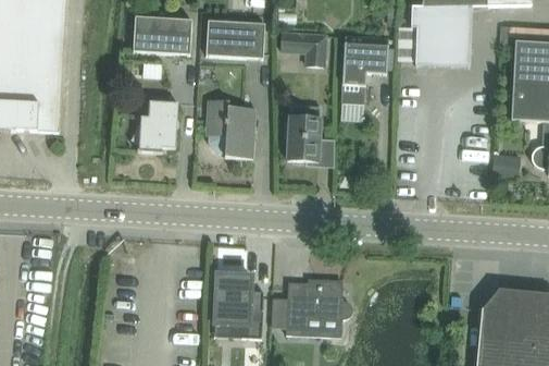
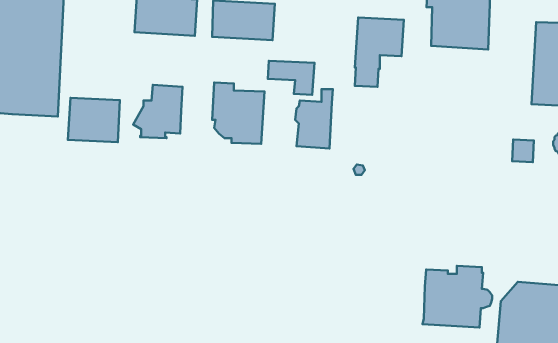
building: [280,34,325,66] -> [268,61,314,95]
building: none -> [68,98,120,142]
building: [213,274,263,339] -> none
building: [285,279,351,338] -> [423,266,492,327]

